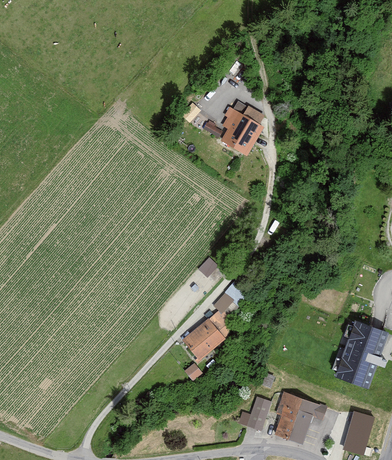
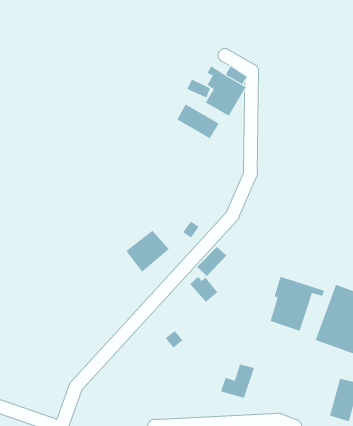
building: none -> [177,103,219,139]
building: [181,318,224,360] -> [126,230,169,273]
building: [274,392,328,446] -> [270,276,325,331]

